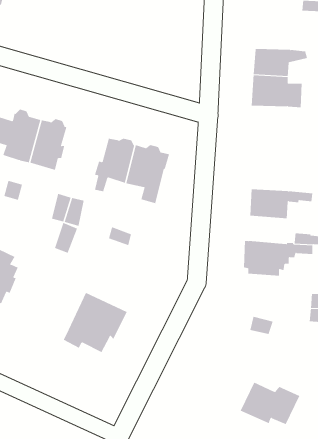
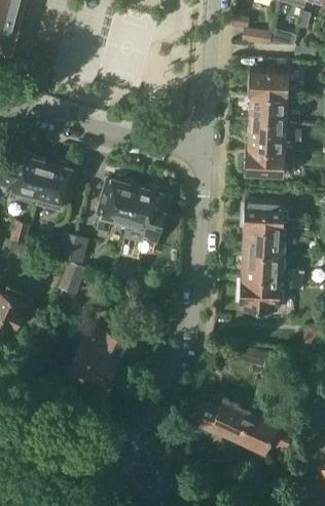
building: none -> [249,70,297,96]
building: none -> [244,149,304,177]
building: none -> [244,202,306,232]
building: none -> [245,254,282,280]
building: none -> [192,399,250,439]

